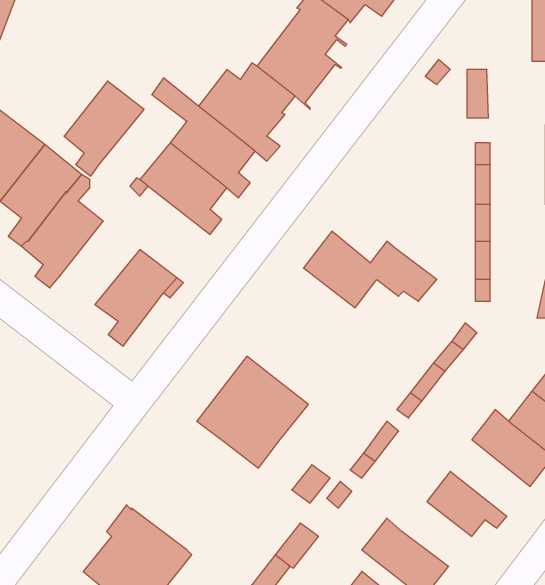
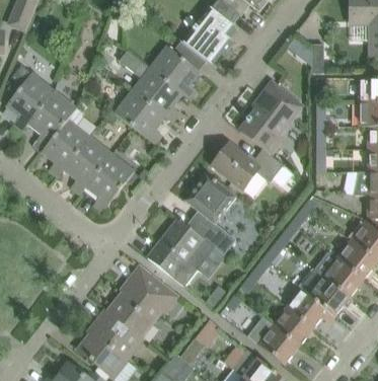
building: [64,81,144,176] -> [64,136,112,194]
building: none -> [240,81,301,153]
building: none -> [184,172,236,254]
building: none -> [107,264,170,335]
building: none -> [299,268,353,315]
building: none -> [272,306,314,346]

